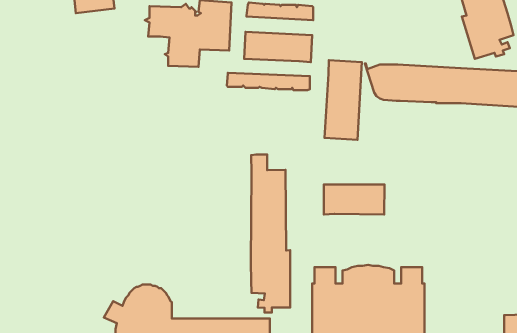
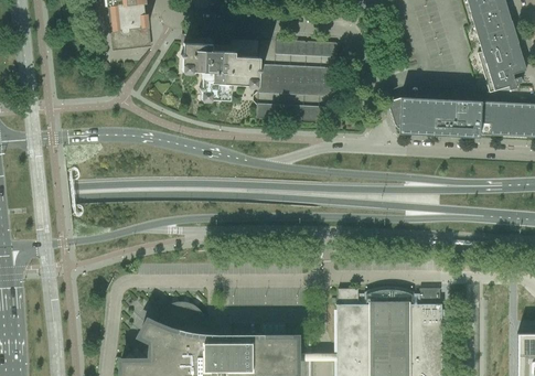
building: [324,60,362,140] -> none
building: [251,154,290,313] -> none
building: [324,185,384,215] -> none

